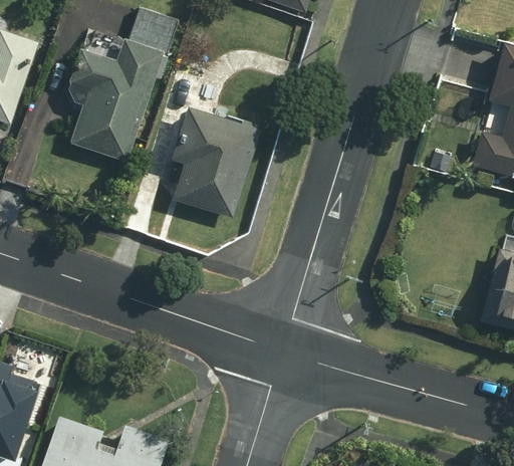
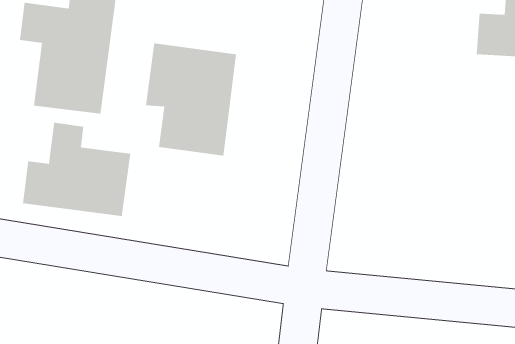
building: none -> [22,122,131,217]

